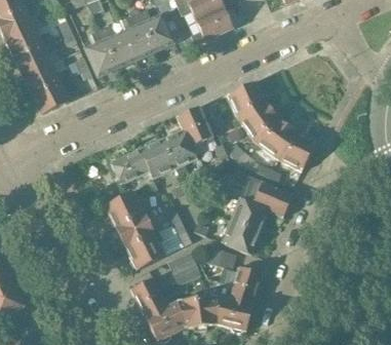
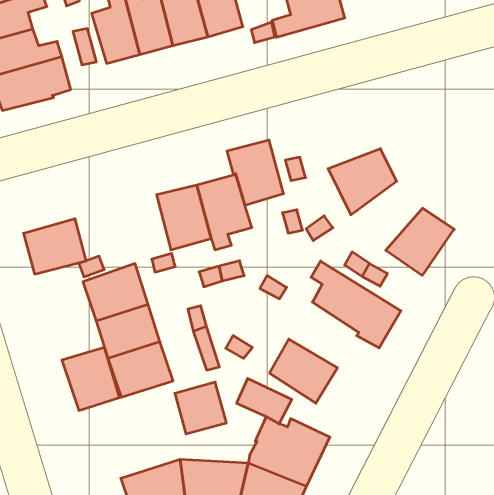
building: [226,80,265,117] -> none
building: [253,118,295,159] -> none
building: [110,148,149,184] -> [23,219,86,274]
building: [229,196,269,232] -> none
building: [129,277,166,316] -> [62,347,120,410]

